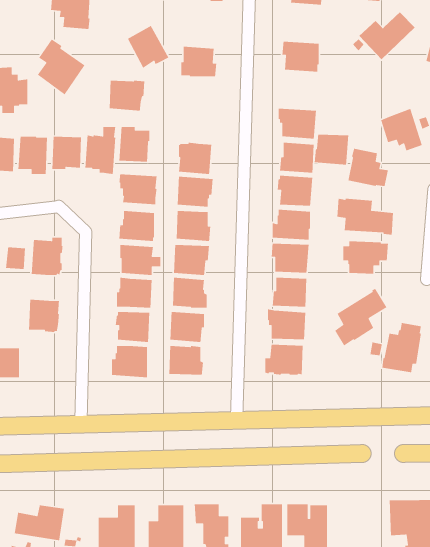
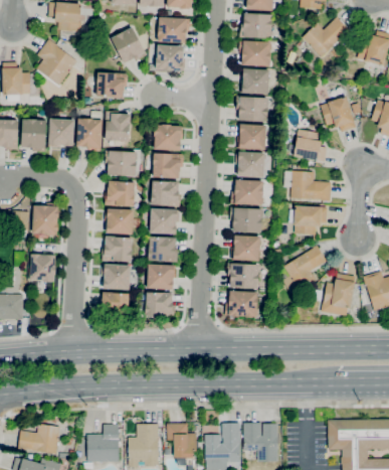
building: none -> [240,13,272,38]
building: none -> [157,17,190,43]
building: [314,134,349,165] -> [240,68,269,95]

